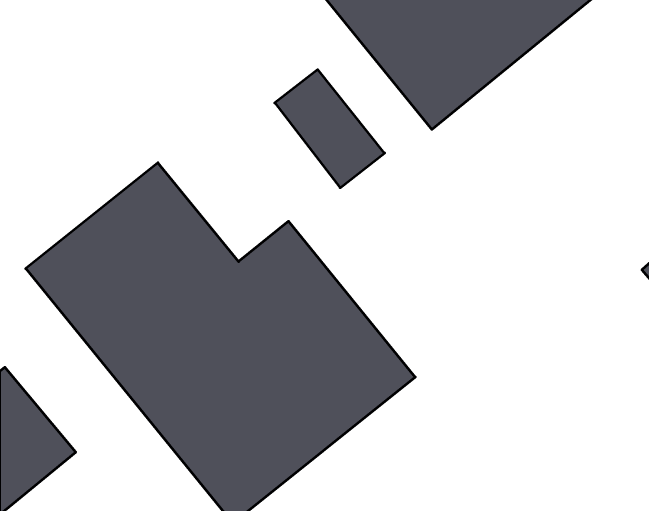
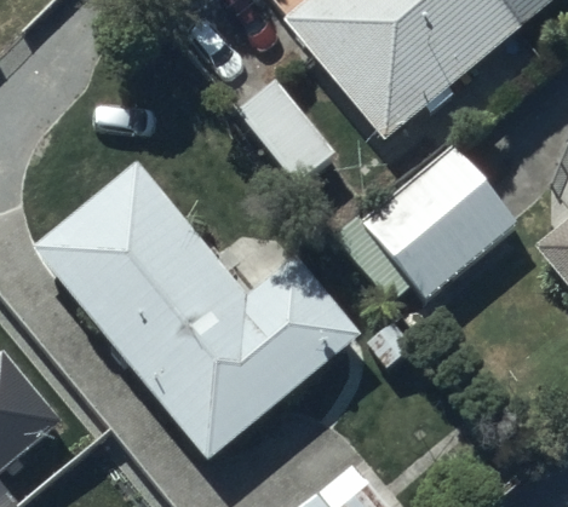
building: none -> [362,146,520,301]

